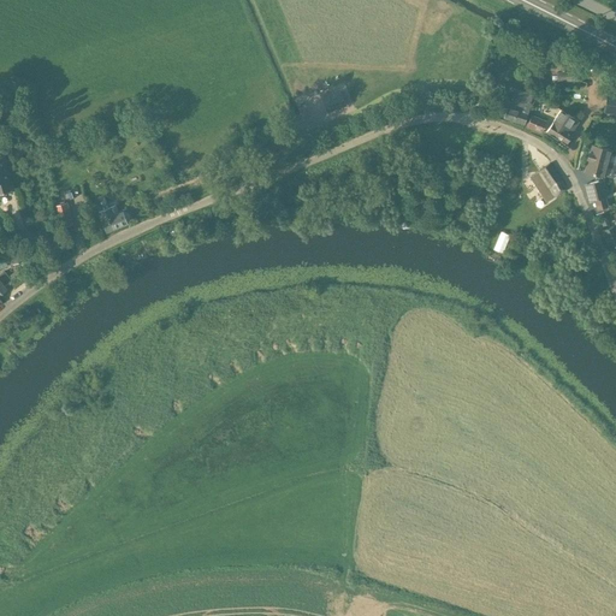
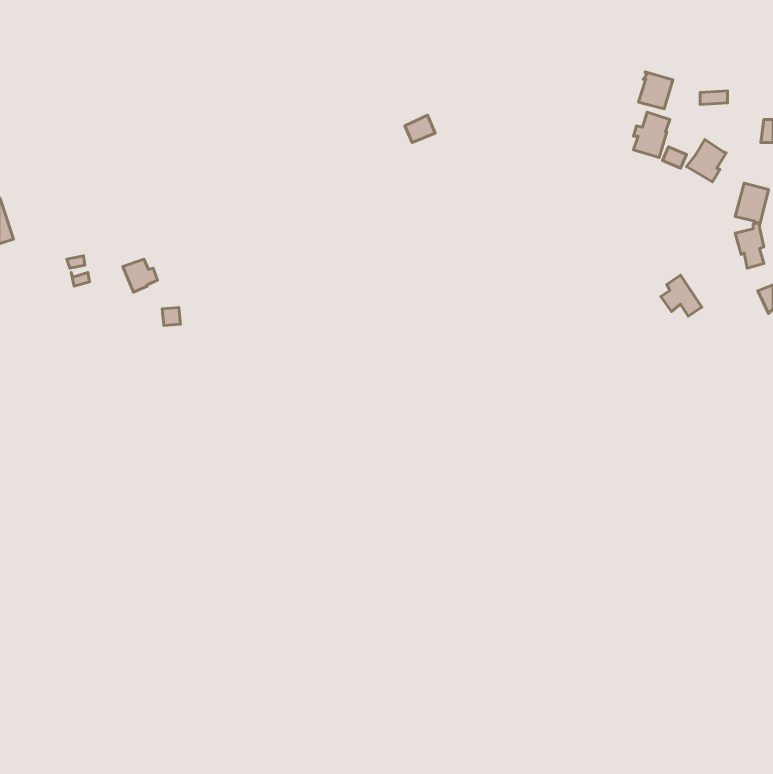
building: none -> [639,72,673,109]
building: [533,164,565,196] -> [661,275,702,316]

